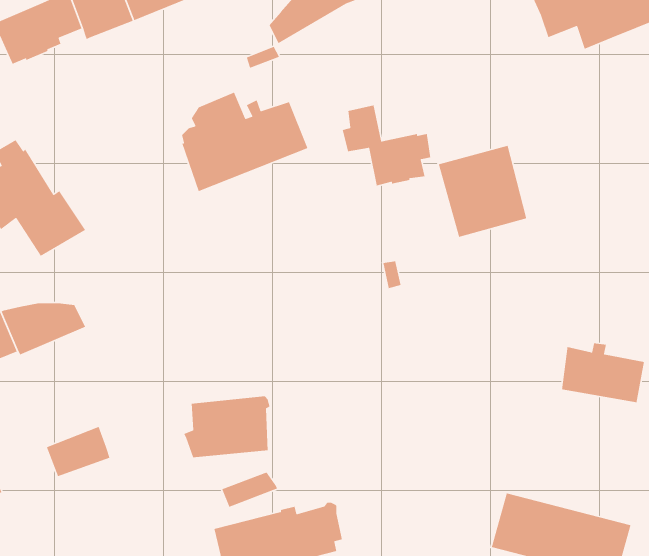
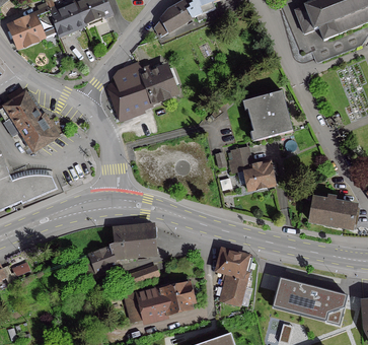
building: [342,105,431,186] -> [229,146,277,190]
building: [46,426,111,477] -> [81,247,116,274]
building: none -> [216,249,252,305]

